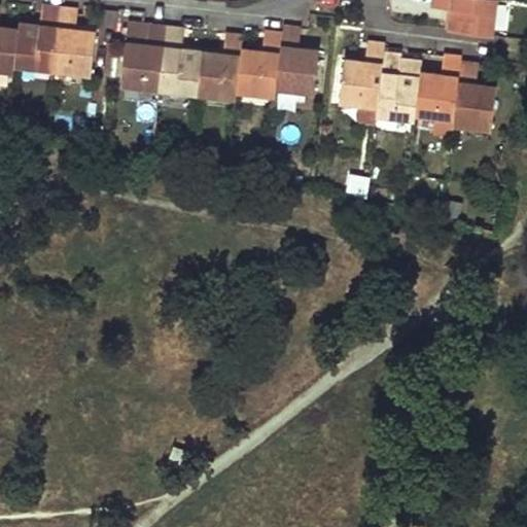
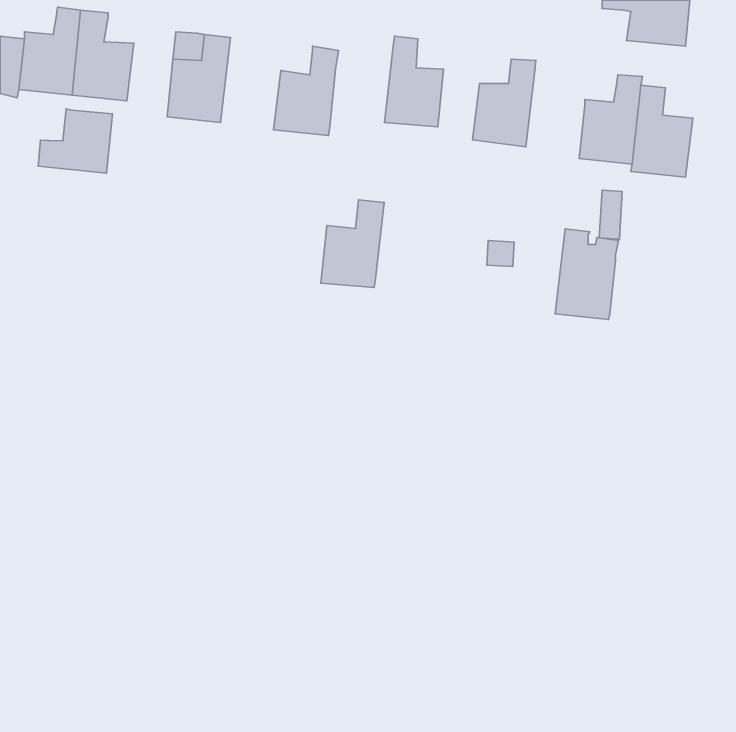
building: [157,30,201,96] -> none
building: [236,34,281,97] -> [321,200,384,288]
building: [375,56,420,120] -> [555,229,619,320]
building: none -> [38,109,112,173]

